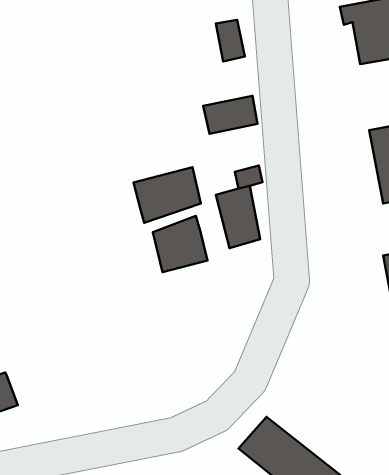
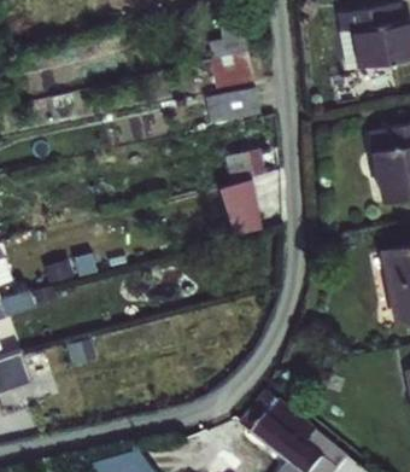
building: none -> [213,57,256,95]
building: [134,167,201,223] -> none
building: [153,216,208,272] -> none

